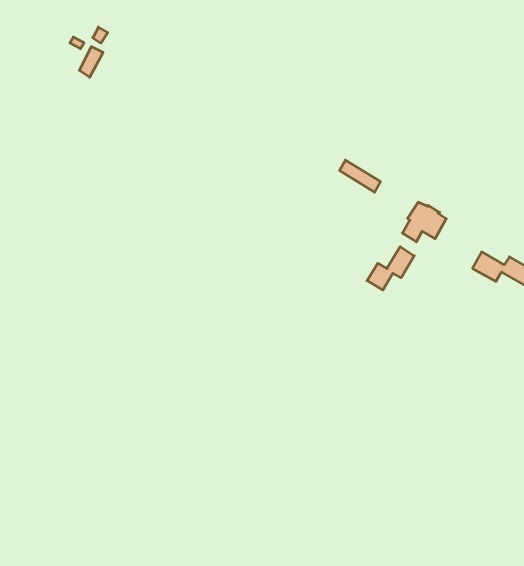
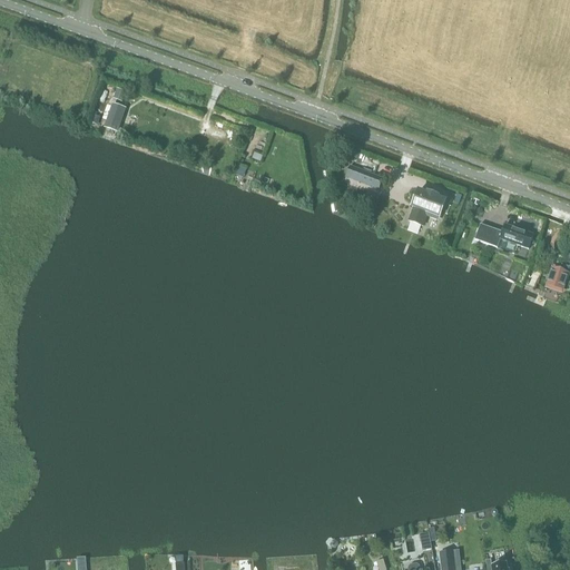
building: [367,247,414,290] -> none

